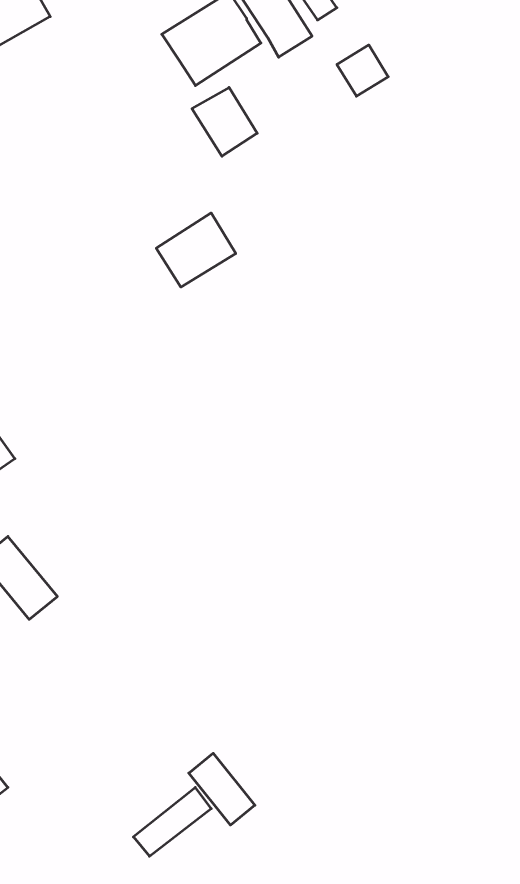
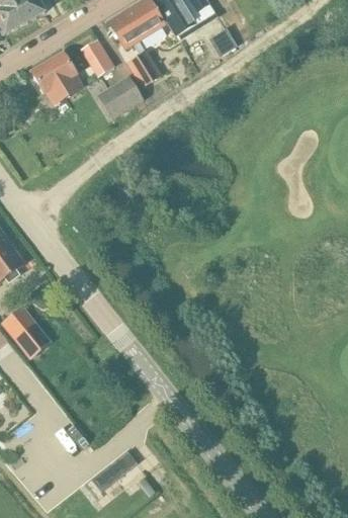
building: none -> [80,37,115,77]
building: none -> [31,51,83,104]
building: [156,213,236,287] -> [97,75,143,117]
building: [189,753,255,825] -> none

